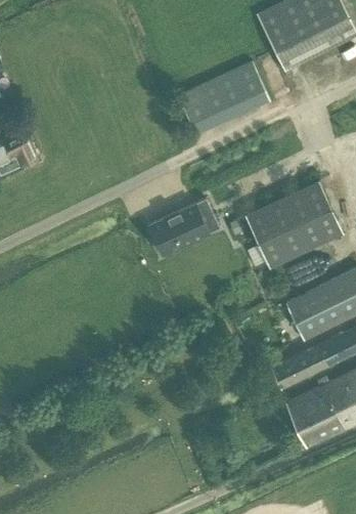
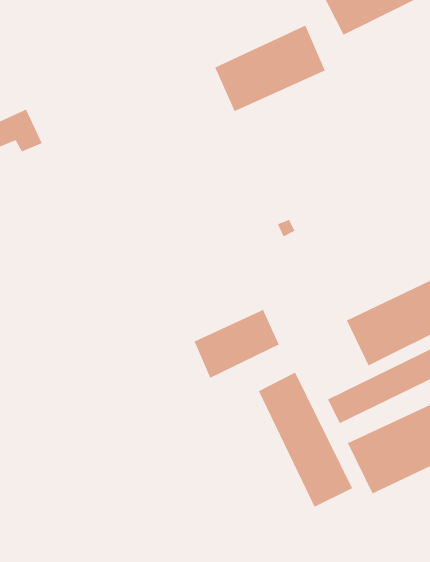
building: [243,180,343,267] -> none
building: [148,199,219,256] -> [193,309,280,379]
building: none -> [258,372,353,508]

